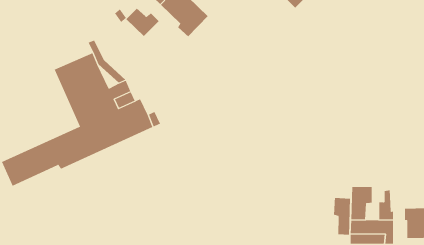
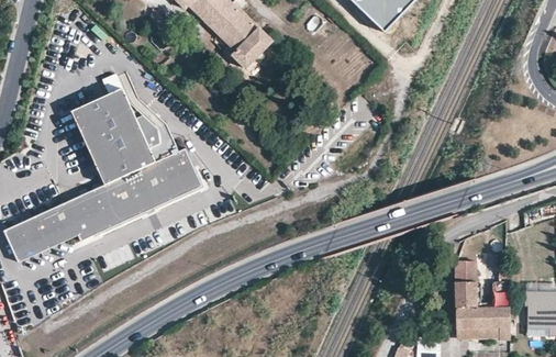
building: [125,8,159,37] -> none
building: [334,197,351,235] -> none

